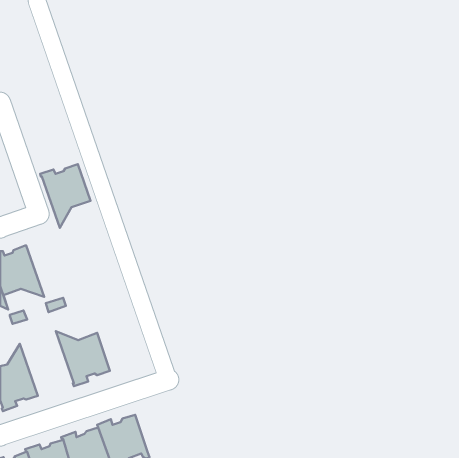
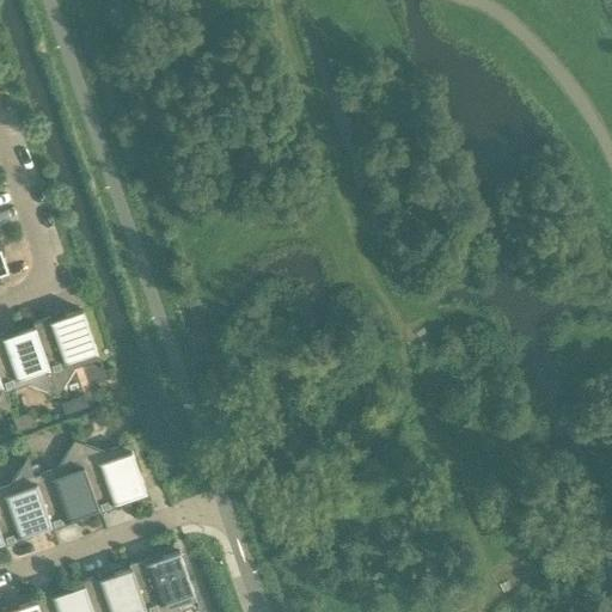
building: [40,164,90,228] -> [33,312,100,397]
building: none -> [27,442,99,532]

